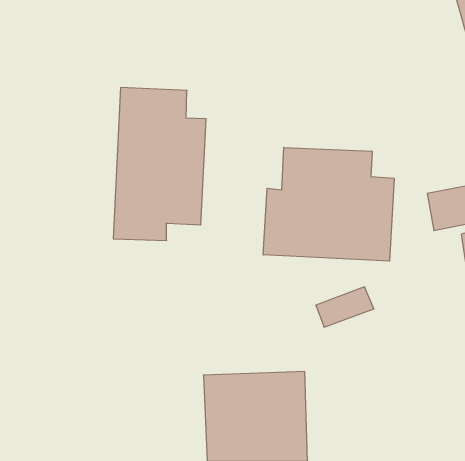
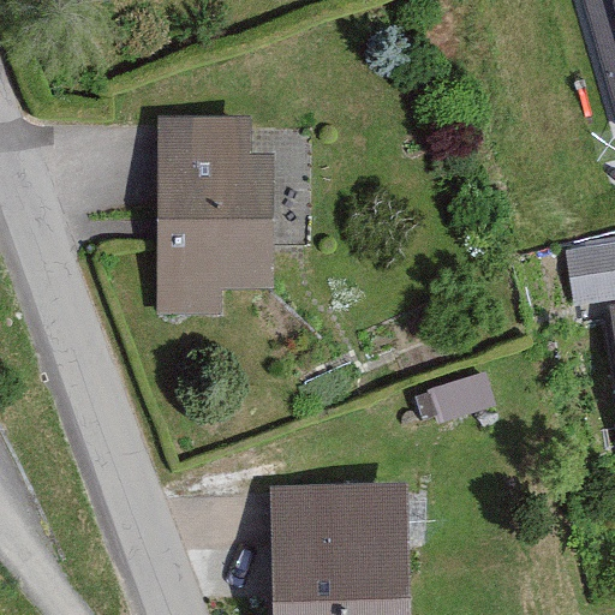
building: [263,147,394,261] -> none

